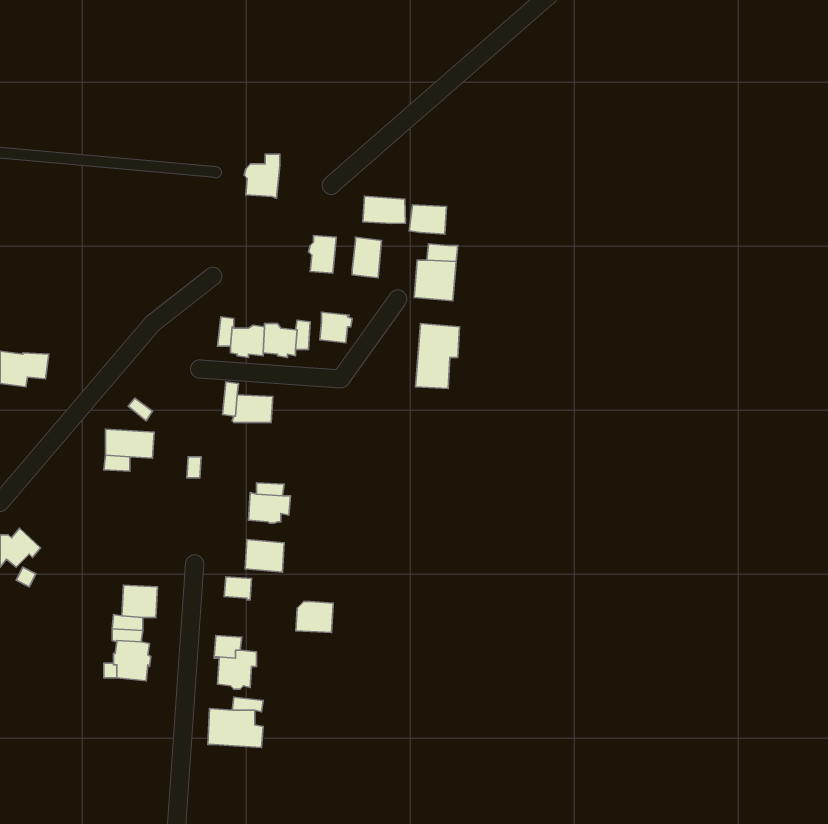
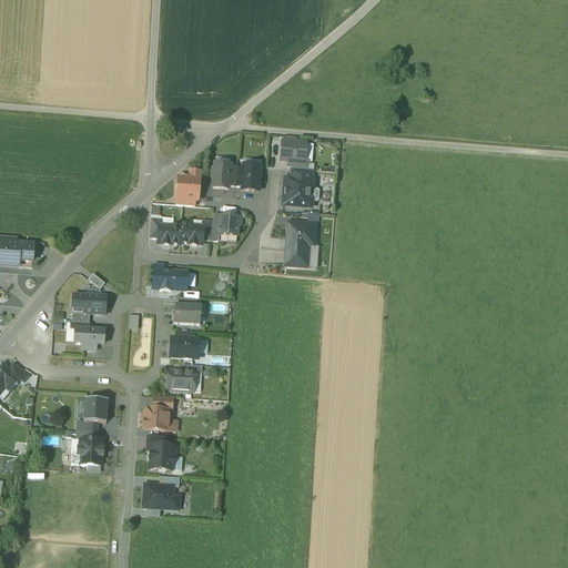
building: [244,154,280,198] -> [176,169,201,199]
building: [363,196,405,223] -> none
building: none -> [174,302,202,324]
building: none -> [75,327,104,348]
building: [296,602,333,632] -> [144,407,170,428]

